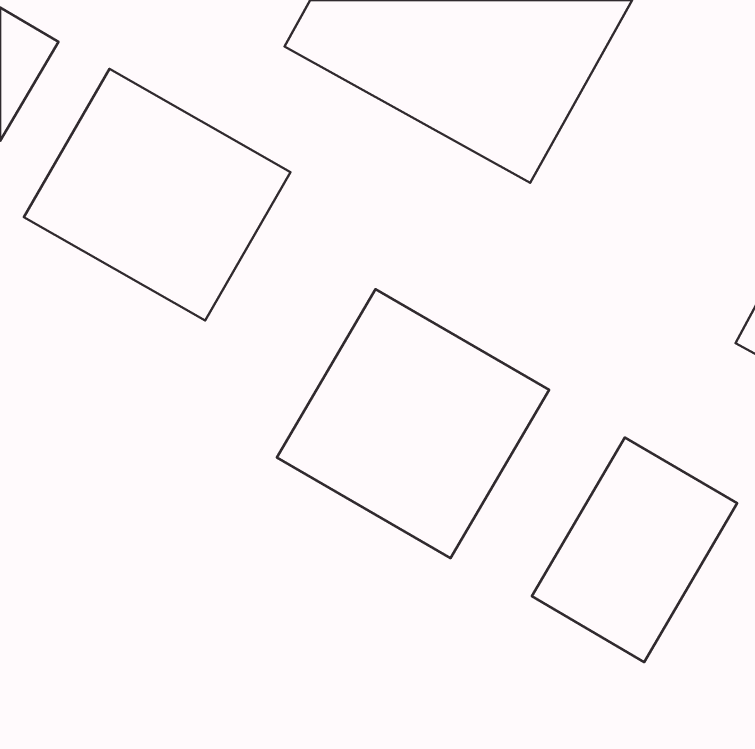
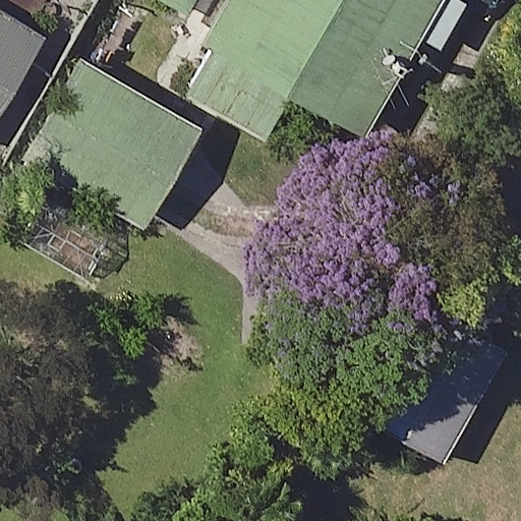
building: [277,289,549,558] -> none

